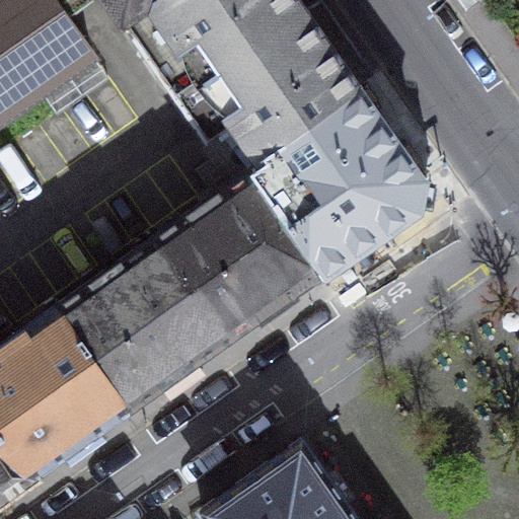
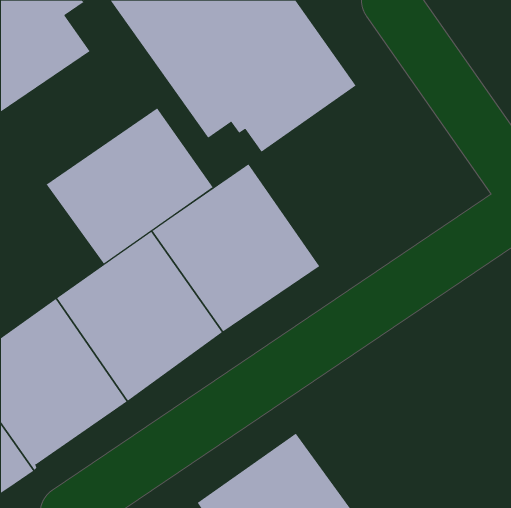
building: [251,91,426,277] -> none
building: none -> [46,108,213,264]

